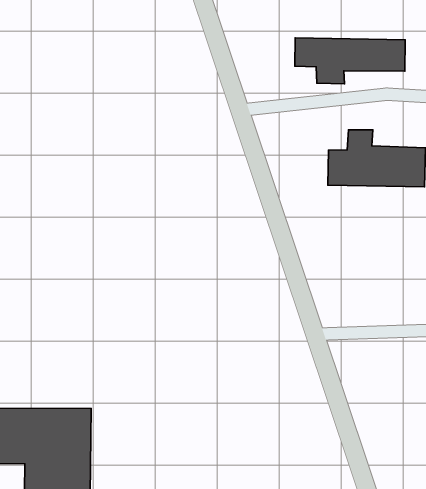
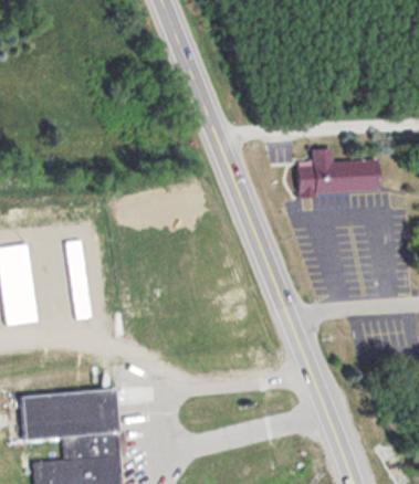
building: [295,38,405,84] -> none

